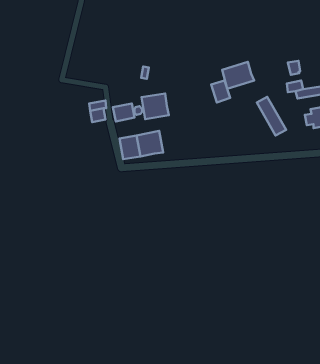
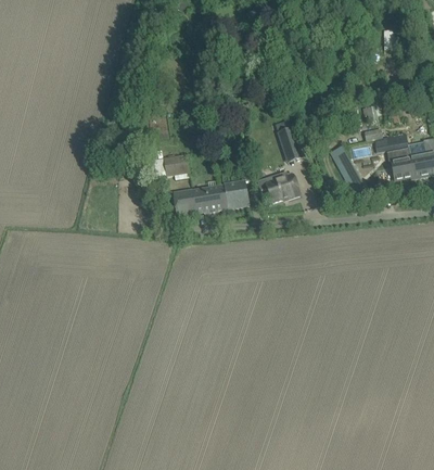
building: [222,62,254,89] -> none
building: [141,93,169,119] -> [218,179,250,208]
building: none -> [267,169,299,200]

